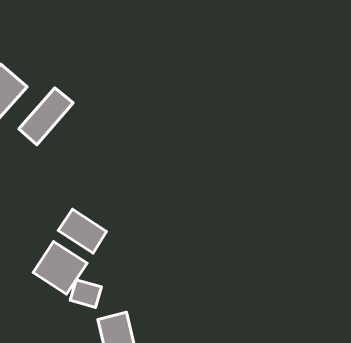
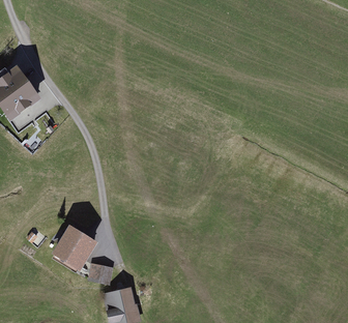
building: [19,88,73,145] -> none
building: [58,209,107,253] -> none

